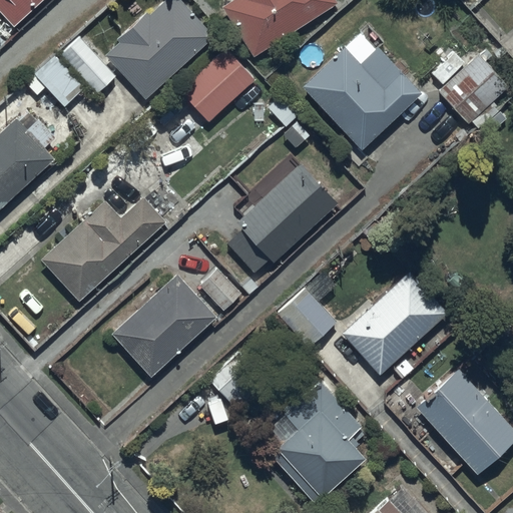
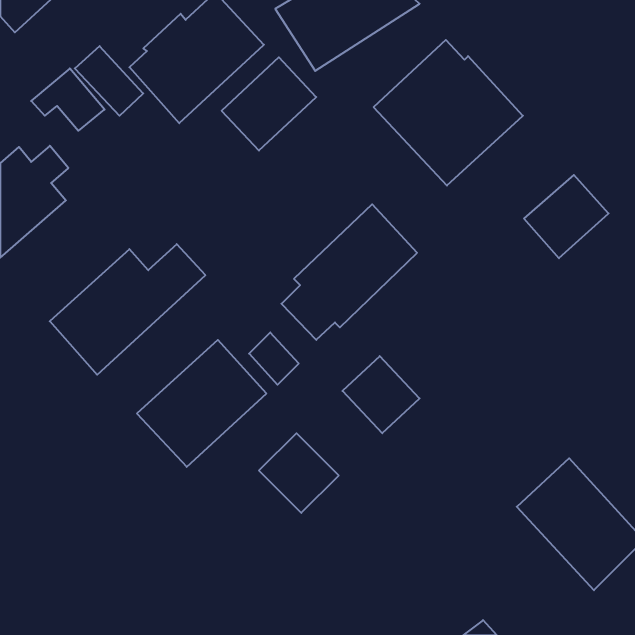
building: [440,55,508,122] -> [524,175,609,258]
building: [342,270,449,375] -> none
building: [268,381,369,500] -> none

